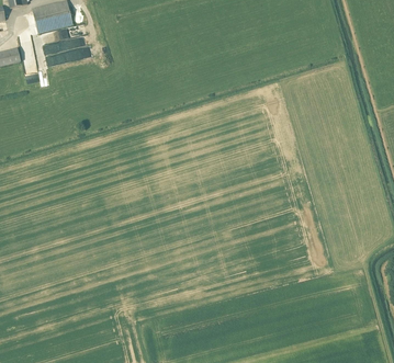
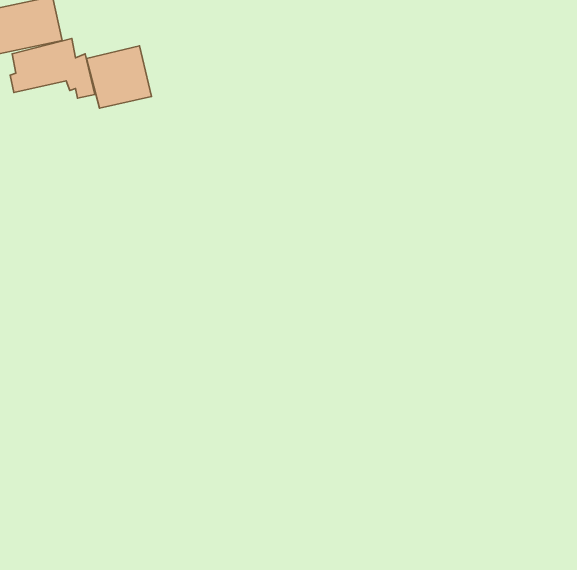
building: none -> [86,46,151,108]

